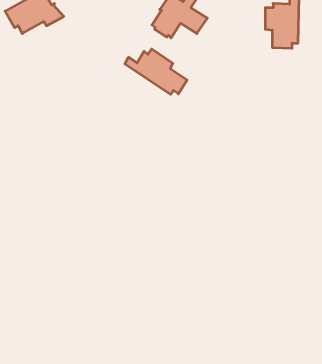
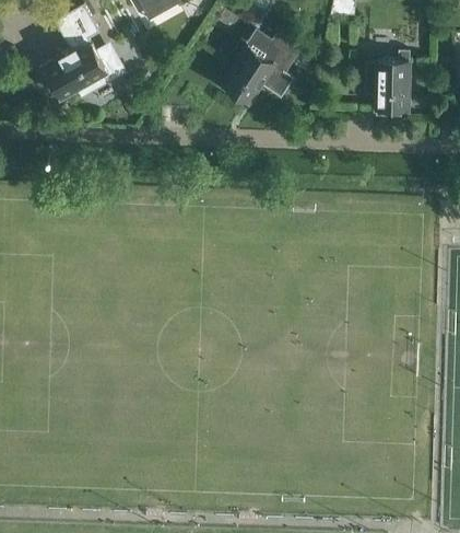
building: [125,49,187,94] -> none

